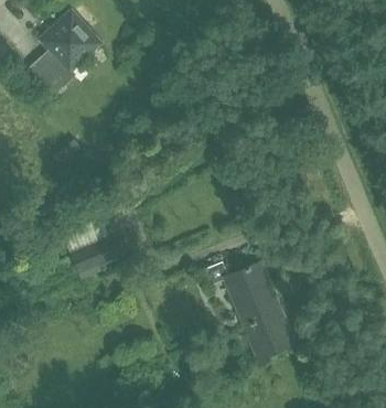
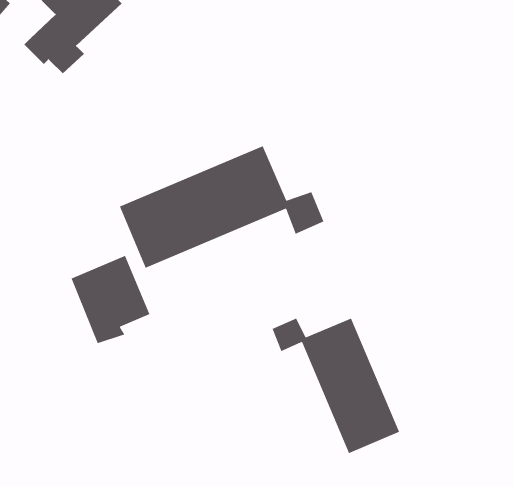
building: none -> [119,145,324,269]

